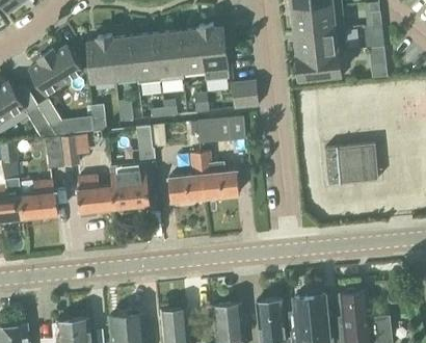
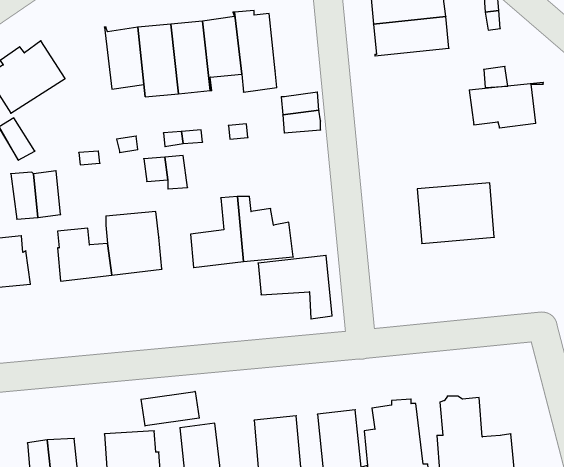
building: [86,36,114,81] -> none
building: [295,51,346,82] -> [469,82,543,128]
building: [196,115,247,159] -> [258,255,332,319]
building: none -> [141,391,199,426]

